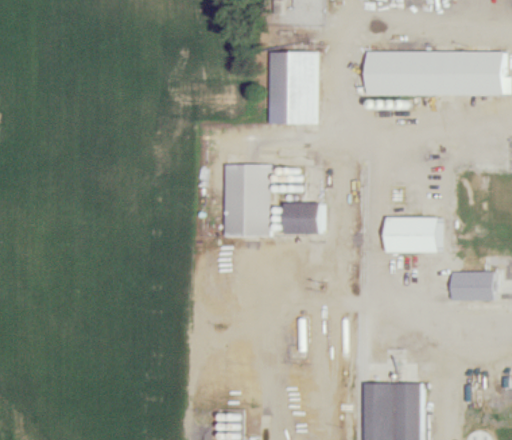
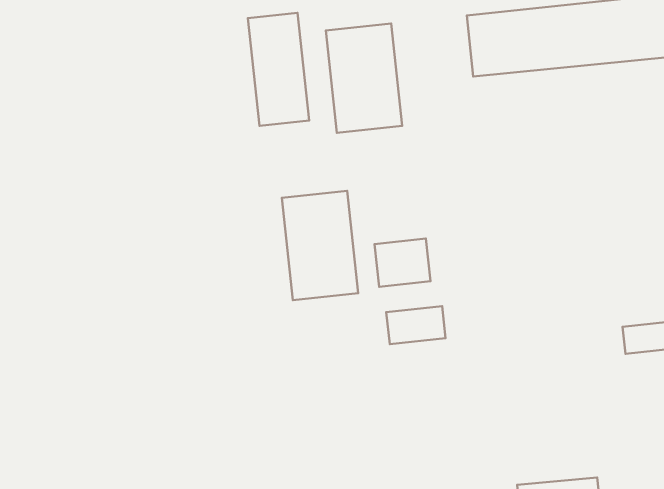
building: none -> [248,13,309,126]
building: [387,217,439,251] -> none
building: none -> [386,306,446,344]

